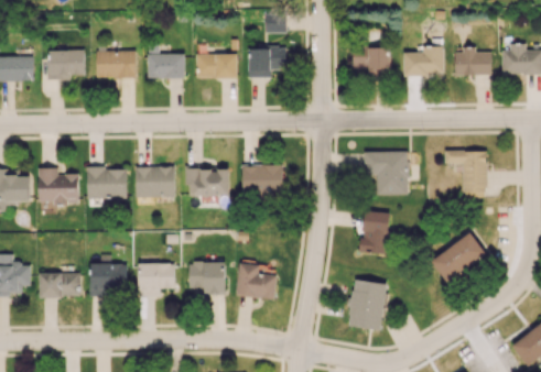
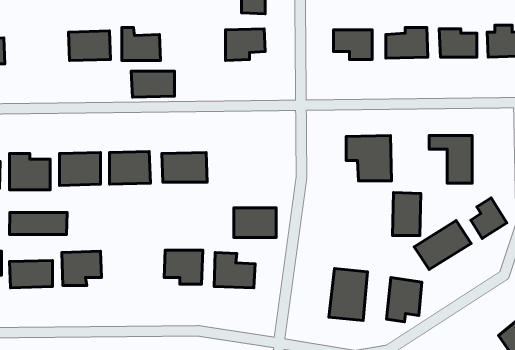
building: [47,50,84,77] -> none
building: [195,54,237,79] -> [131,71,174,97]
building: [242,165,283,194] -> [234,208,276,237]
building: none -> [471,198,507,238]
building: [361,211,389,253] -> [392,192,421,236]
building: none -> [9,213,67,234]
building: [138,263,175,296] -> none
building: none -> [387,278,422,322]

